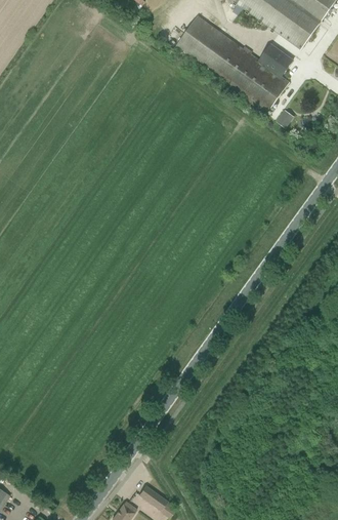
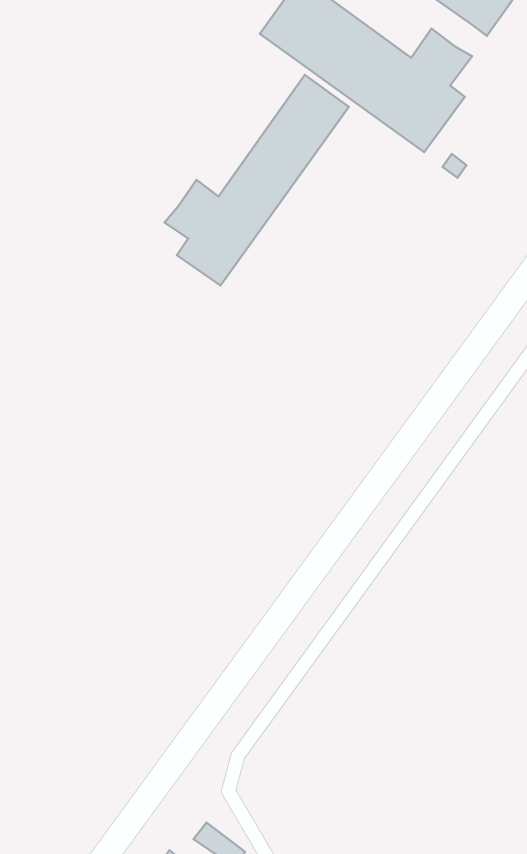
building: none -> [165,75,349,286]

